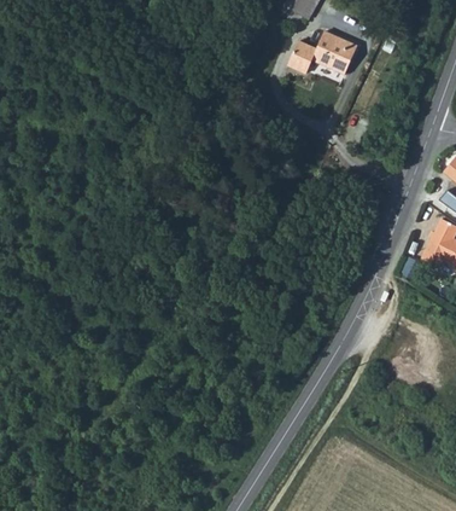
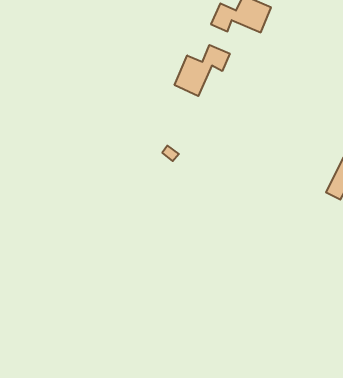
building: none -> [175,45,230,96]

